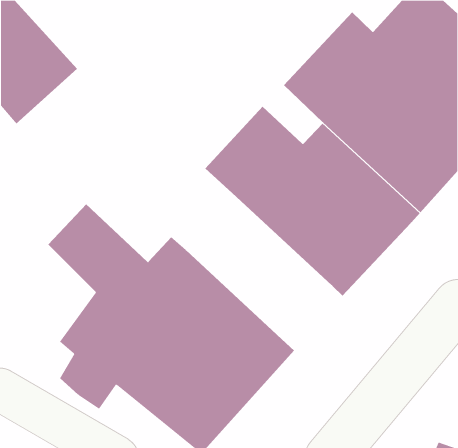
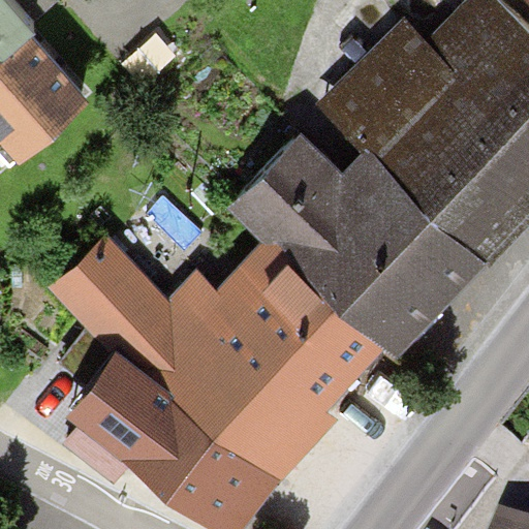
building: none -> [215,239,382,402]

